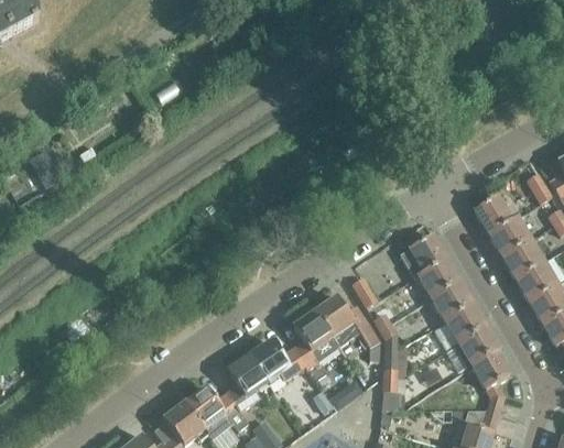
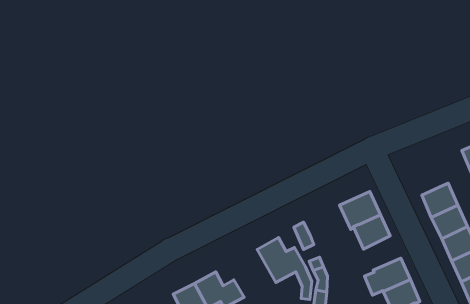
building: [475,196,510,232] -> none
building: [431,281,473,320] -> none
building: [292,312,338,368] -> none

